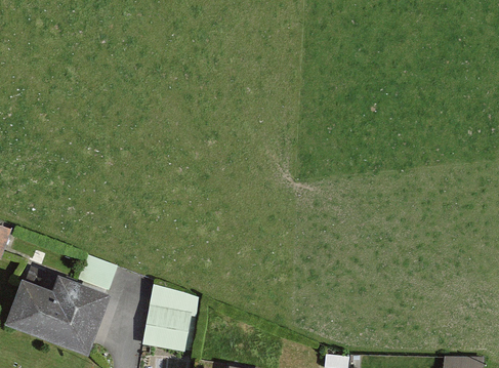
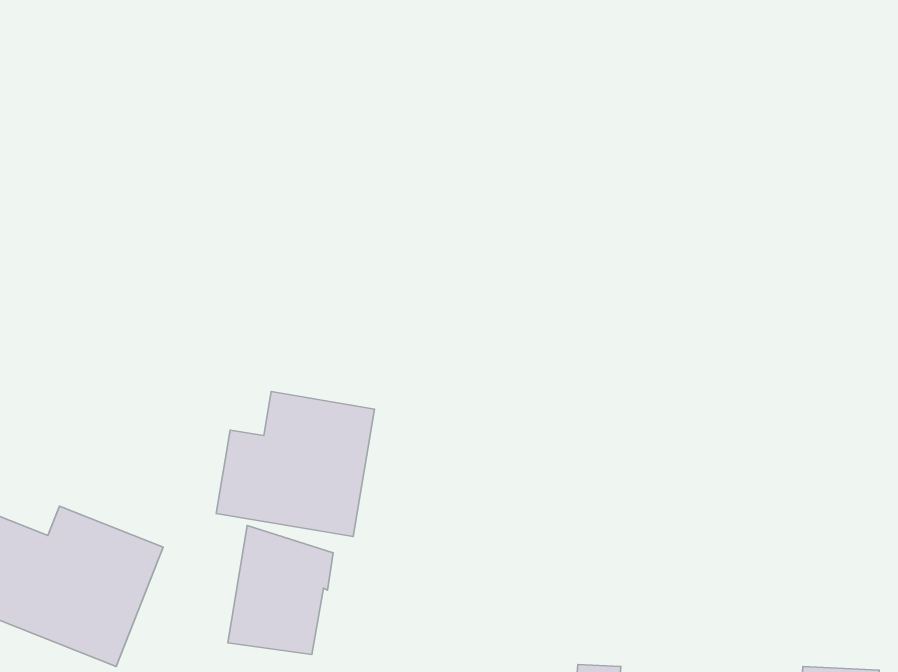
building: none -> [216,392,375,536]

